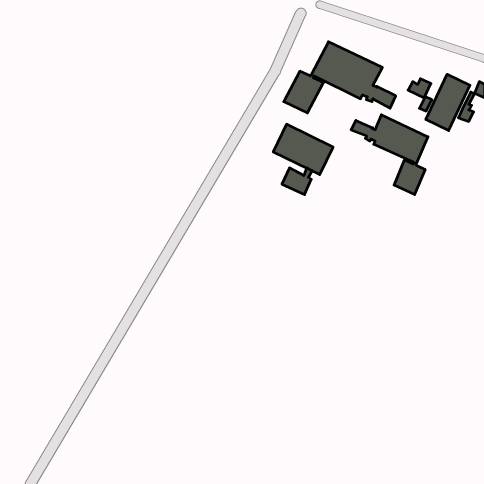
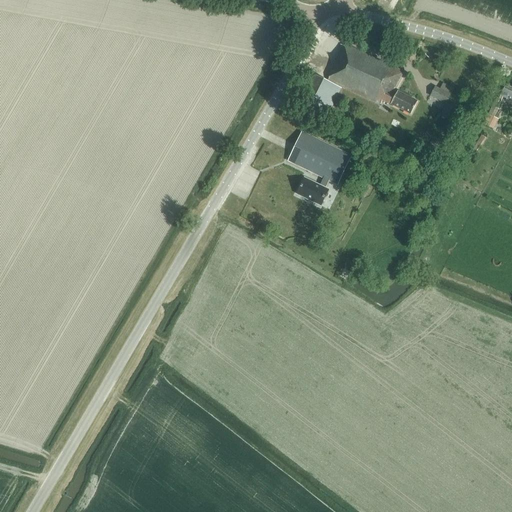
building: [426,74,470,131] -> none
building: [351,115,428,195] -> none

